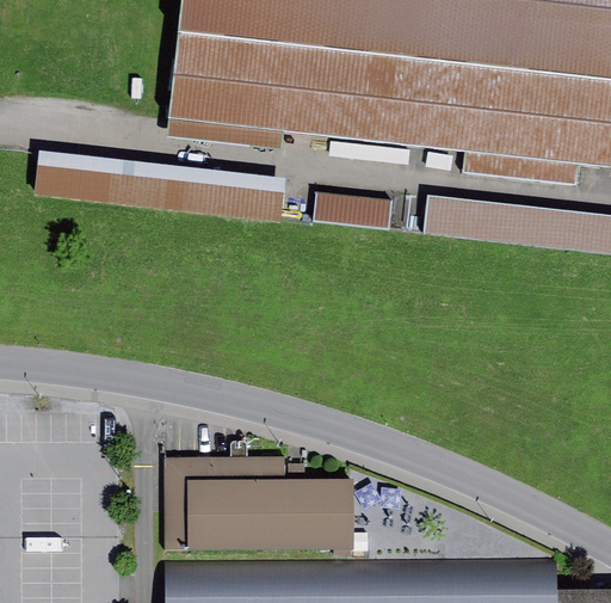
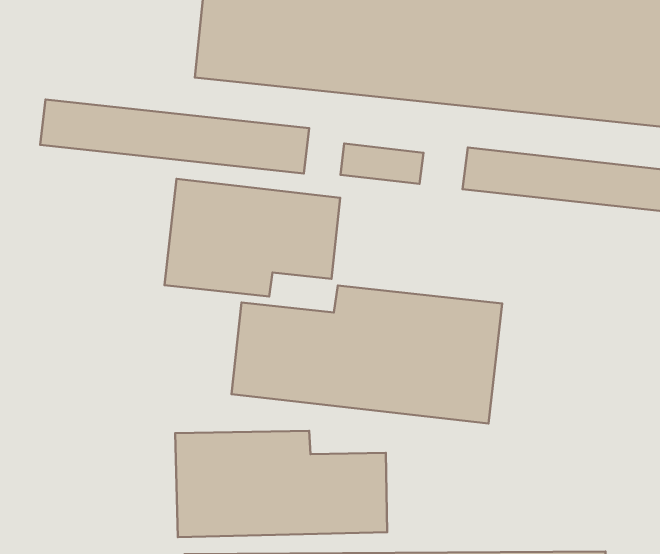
building: none -> [164,179,340,296]
building: none -> [232,285,502,424]

